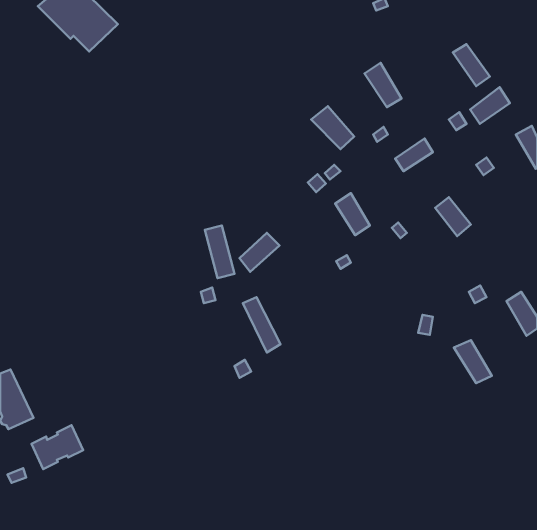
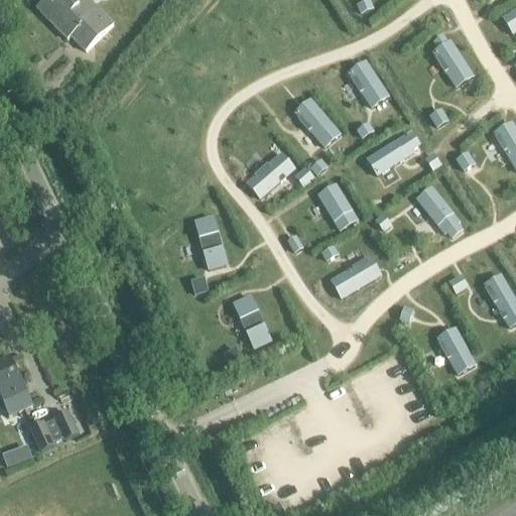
building: [470,87,510,124] -> none
building: [240,233,279,272] -> [251,155,289,192]
building: none -> [335,259,373,293]

